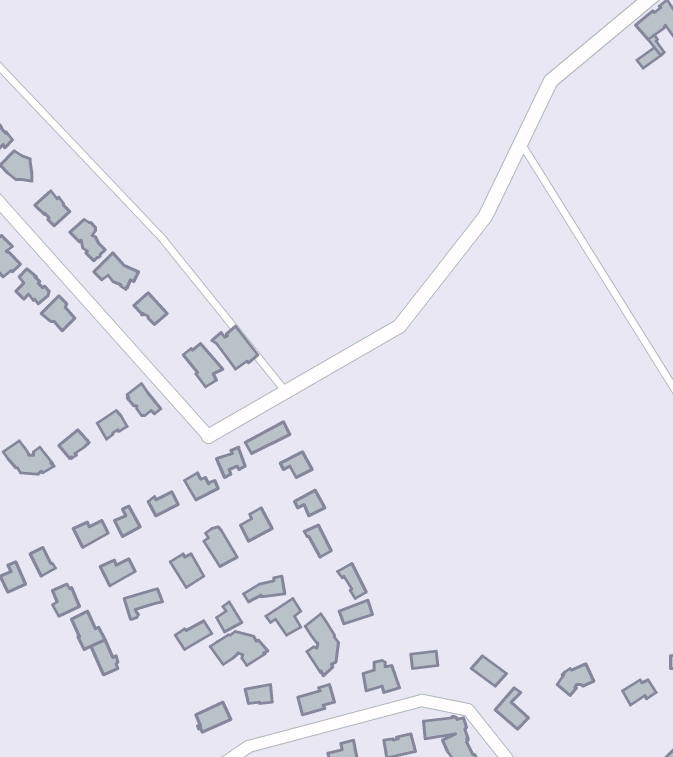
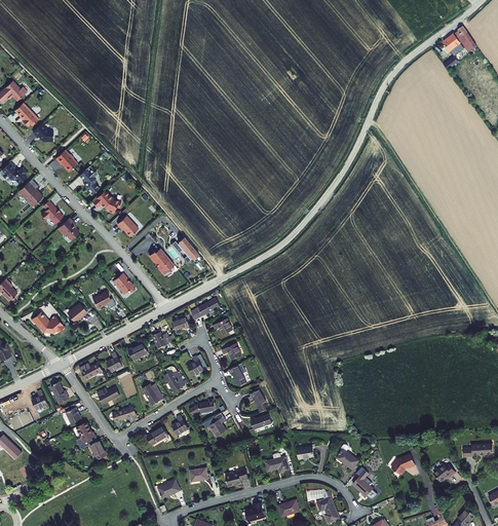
building: [305,614,338,676] -> none
building: [210,632,268,666] -> none

